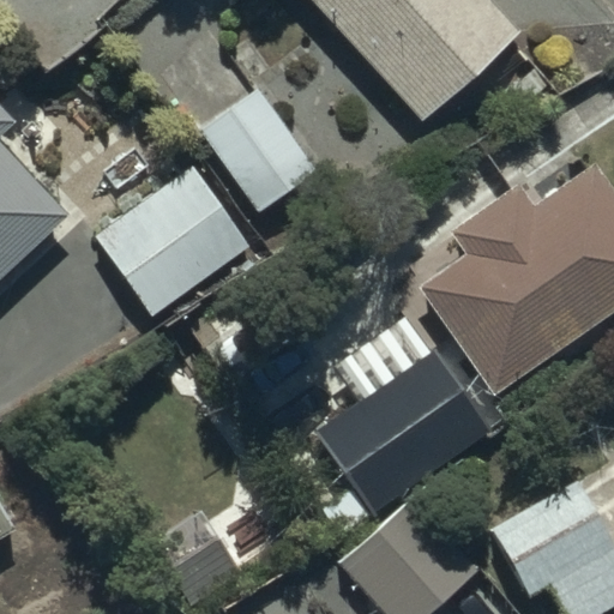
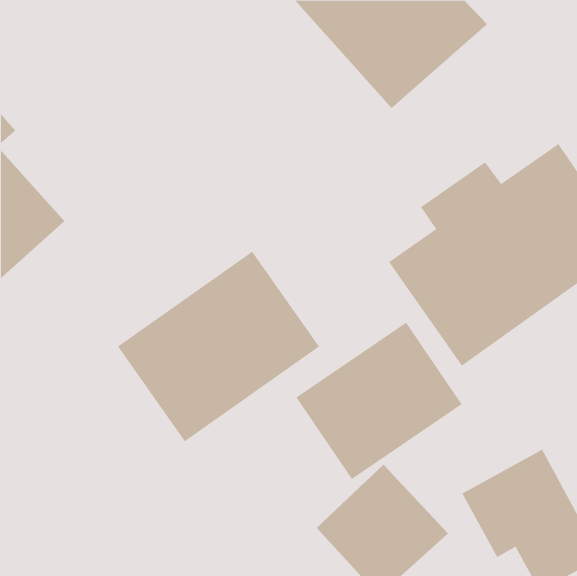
building: [199,84,338,233] -> none
building: [96,165,251,315] -> none
building: none -> [117,251,320,442]

